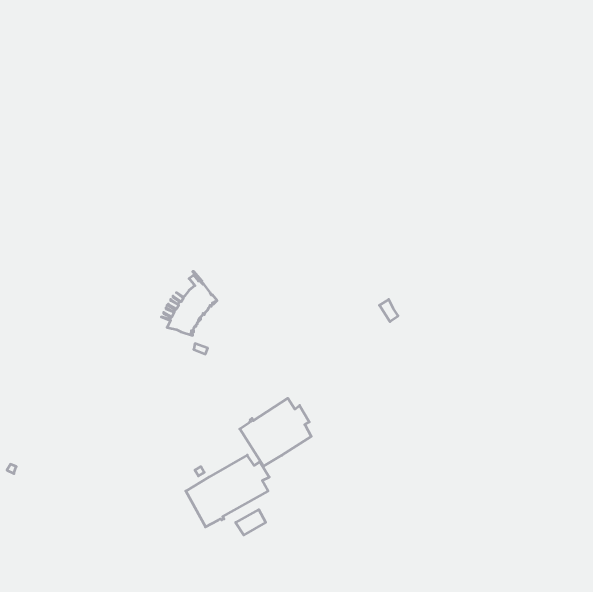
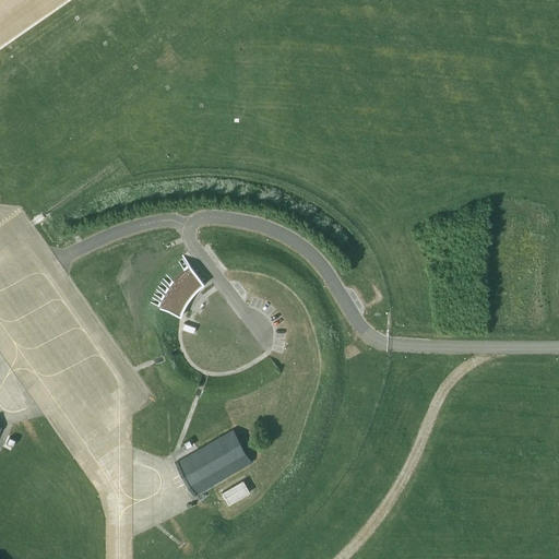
building: [240,398,311,466] -> none

